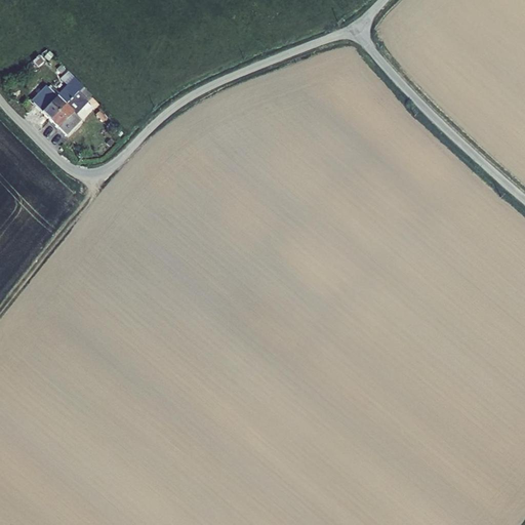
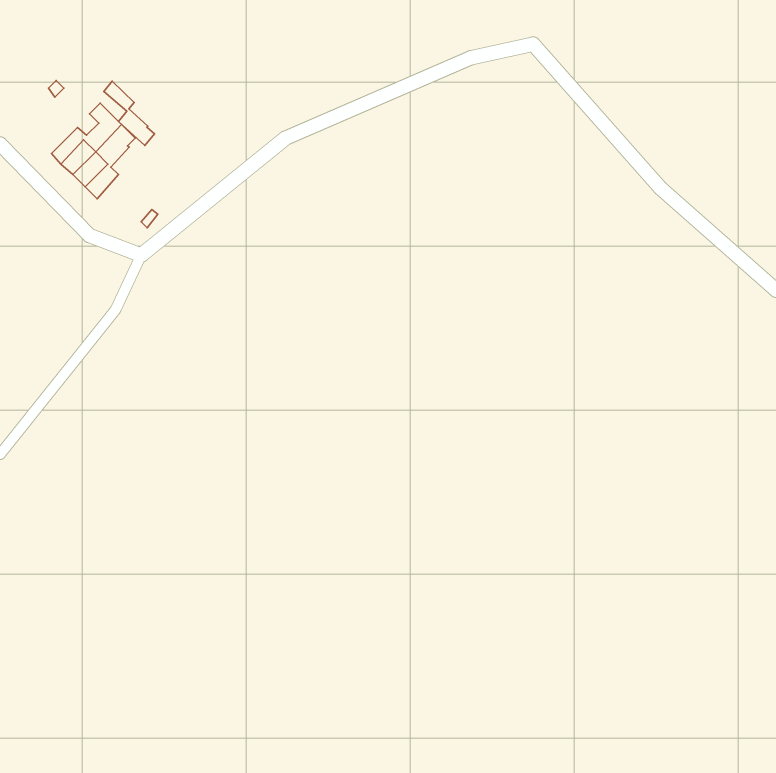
building: none -> [104,81,154,145]

